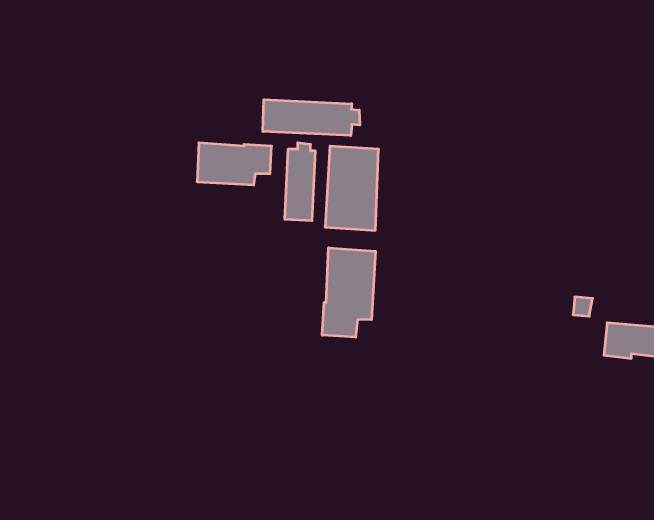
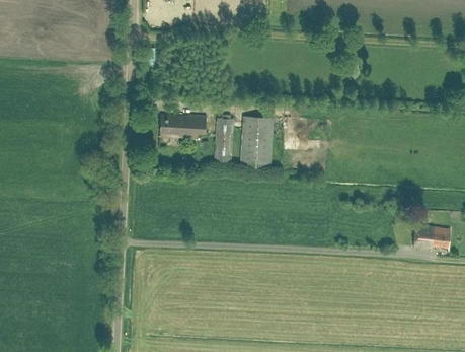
building: [263,100,360,136] -> none
building: [322,248,376,337] -> none

